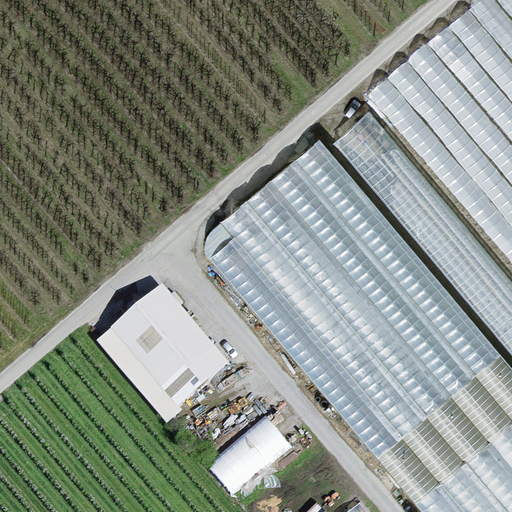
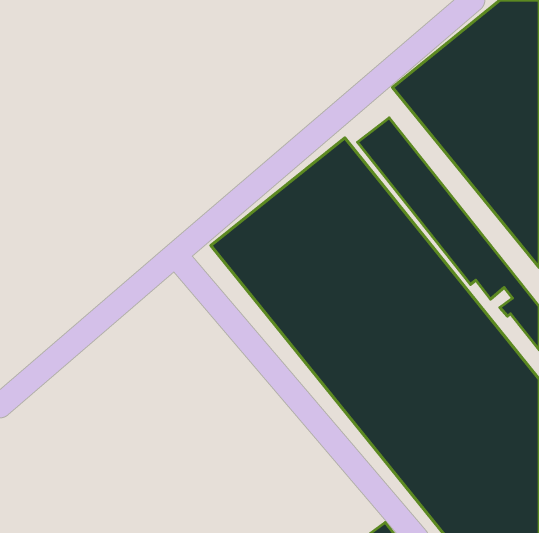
building: [95,290,234,431] -> none
building: [208,417,292,498] -> none

